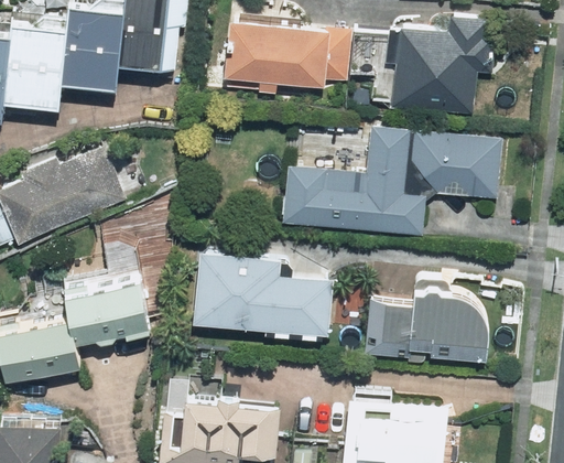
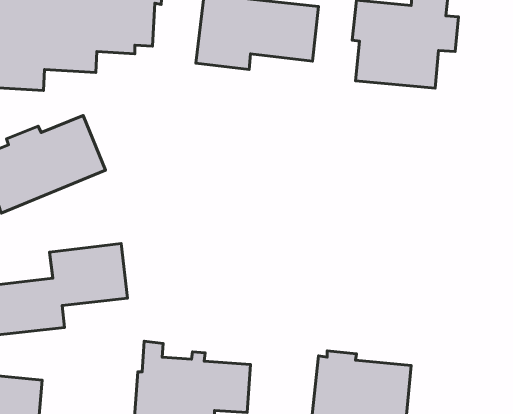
building: [280,127,501,235] -> none
building: [195,246,336,335] -> none
building: [364,286,487,366] -> none

